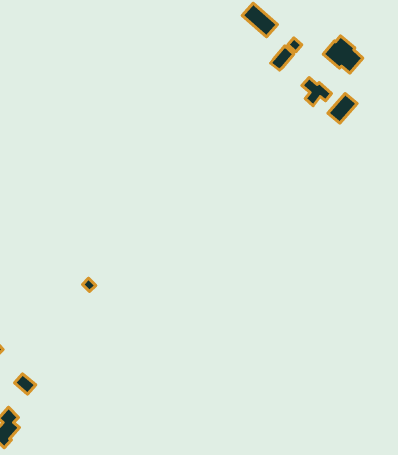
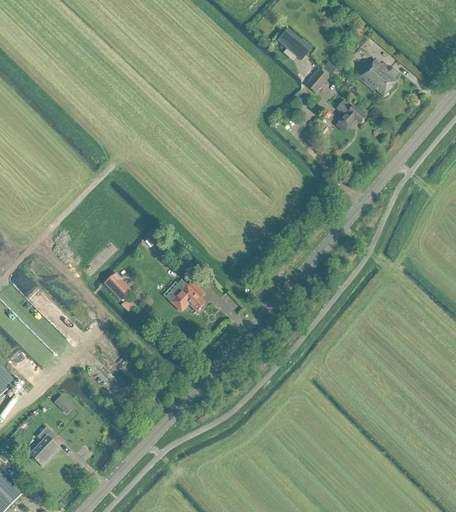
building: [328,93,357,123] -> none
building: none -> [104,272,132,300]
building: none -> [170,281,205,311]

